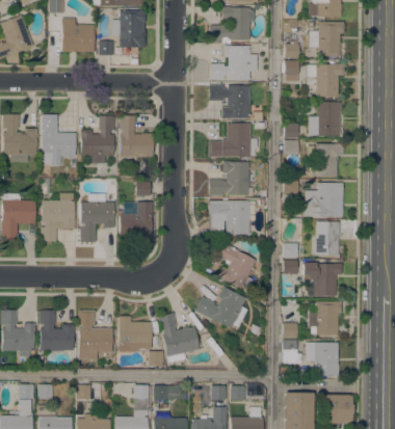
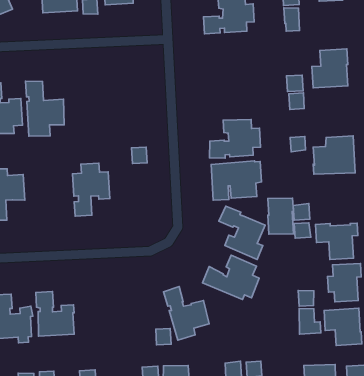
building: [307,63,343,96] -> none
building: [209,84,251,117] -> none
building: [120,114,153,156] -> none
building: [80,115,114,163] -> none
building: [208,123,257,158] -> none
building: [307,142,343,177] -> none
building: [41,192,75,240] -> none
building: [116,202,152,242] -> none
building: [315,220,339,254] -> [268,198,294,234]
building: [78,310,112,359] -> none
building: [119,315,151,351] -> none

